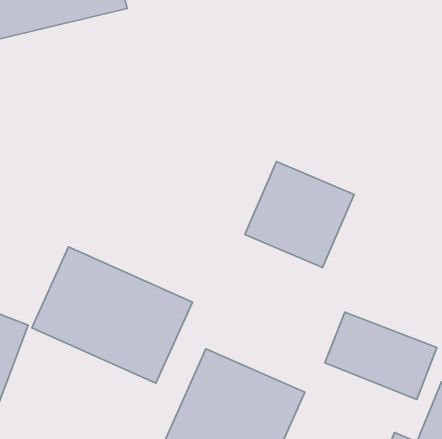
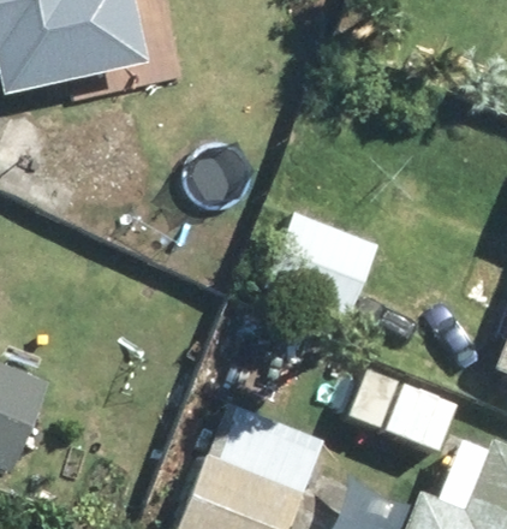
building: [32,247,193,383] -> none

